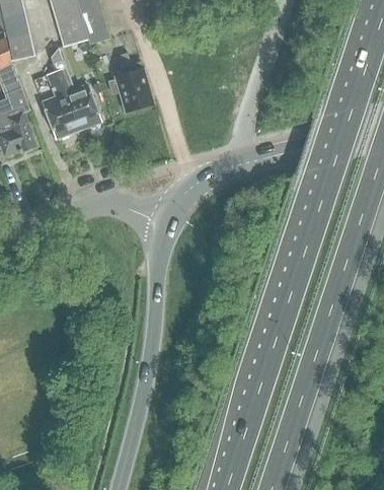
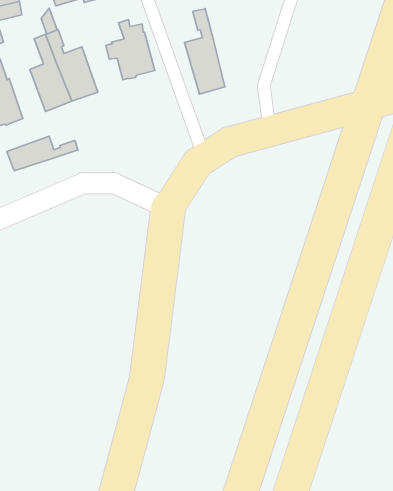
building: none -> [185,9,225,94]
building: none -> [7,136,78,171]

